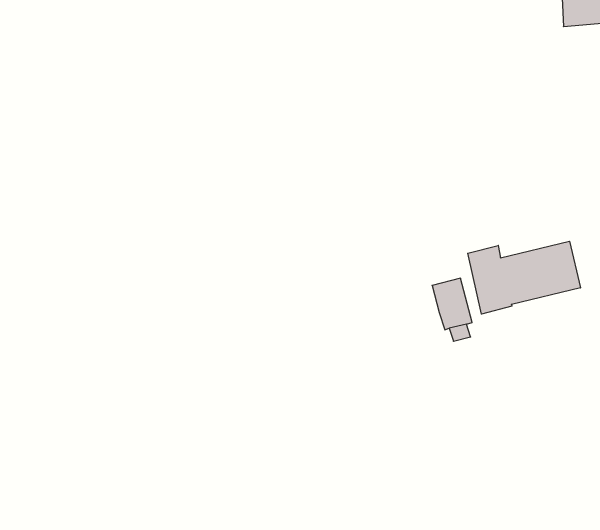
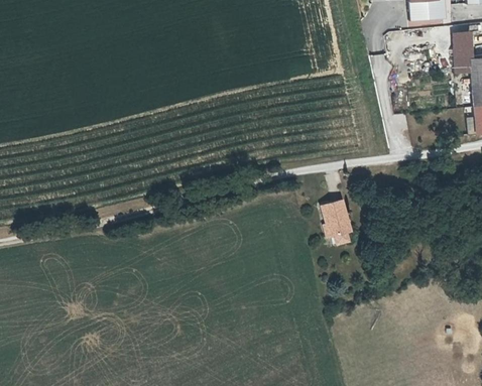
building: [468,241,580,314] -> none

